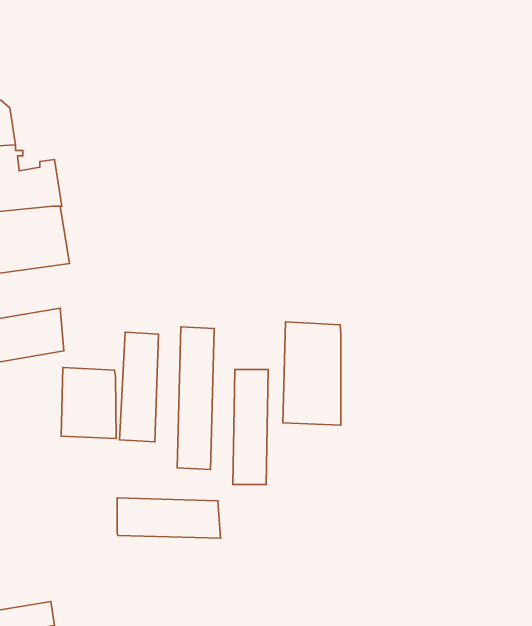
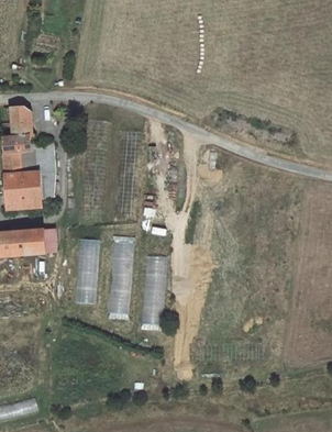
building: [283,322,341,425] -> none
building: [61,368,116,438] -> none
building: [117,498,220,538] -> none

